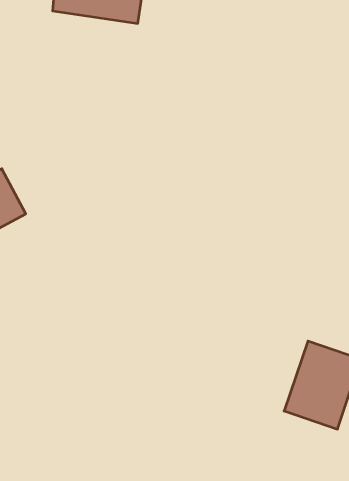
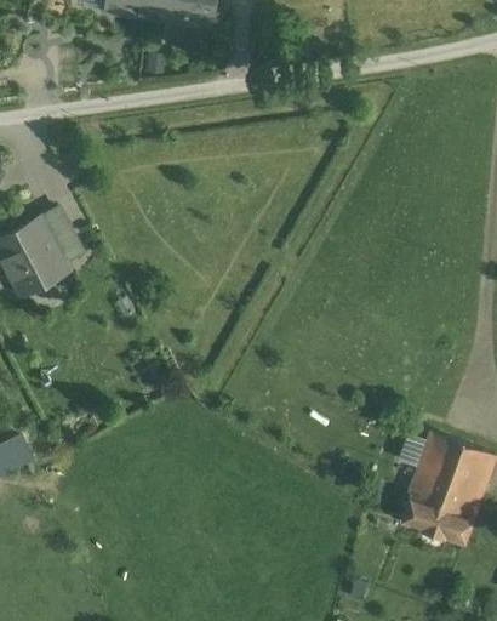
building: none -> [44,205,85,261]

